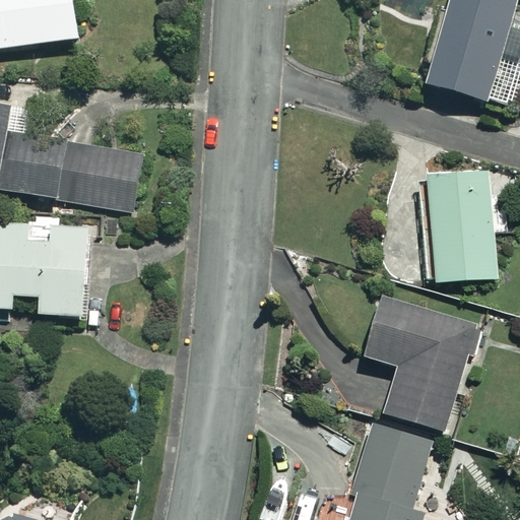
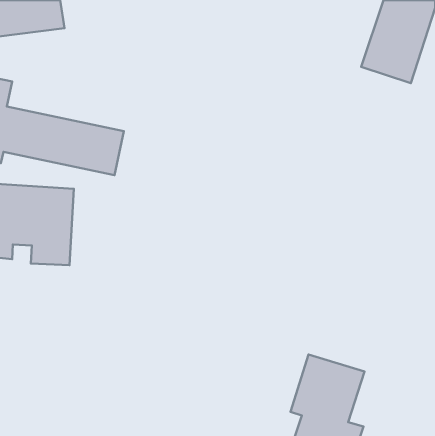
building: [421,170,499,283] -> none
building: [361,291,479,435] -> none

